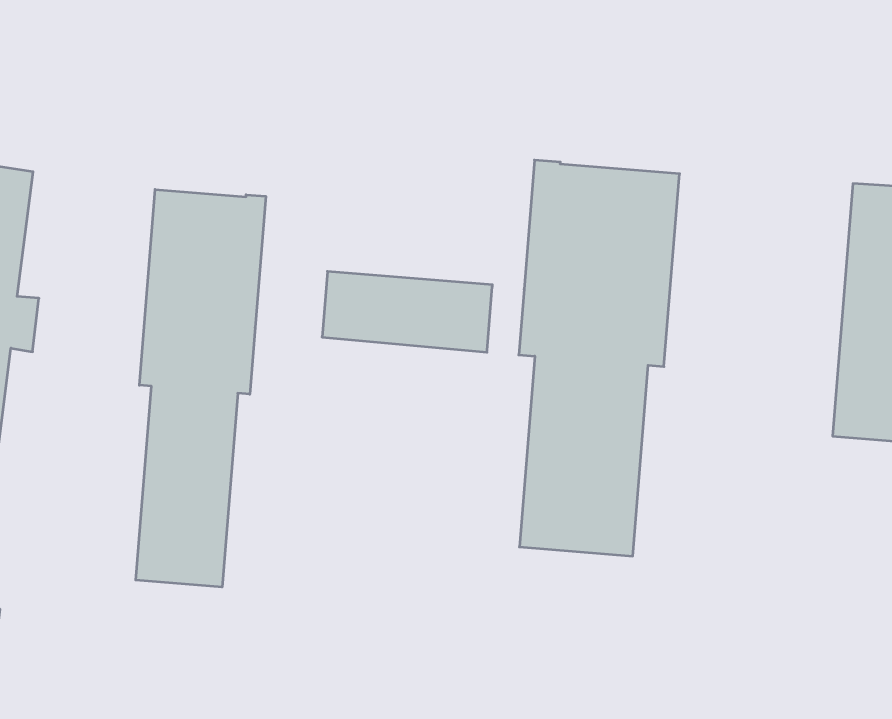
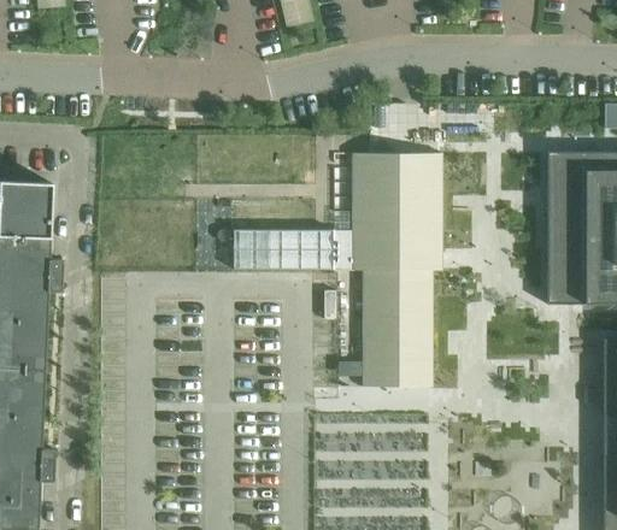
building: [136,189,266,587] -> none

